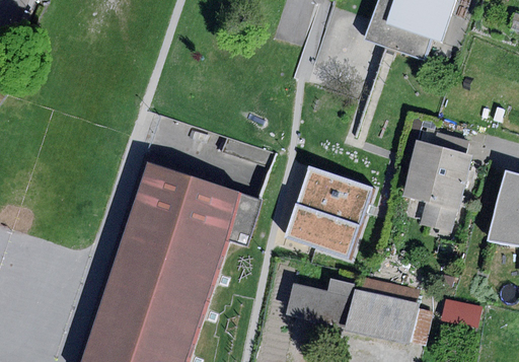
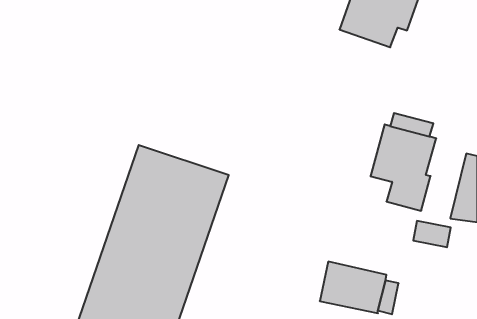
building: [284,166,371,259] -> none
building: [287,279,351,327] -> none
building: [440,298,480,327] -> [413,221,451,247]

